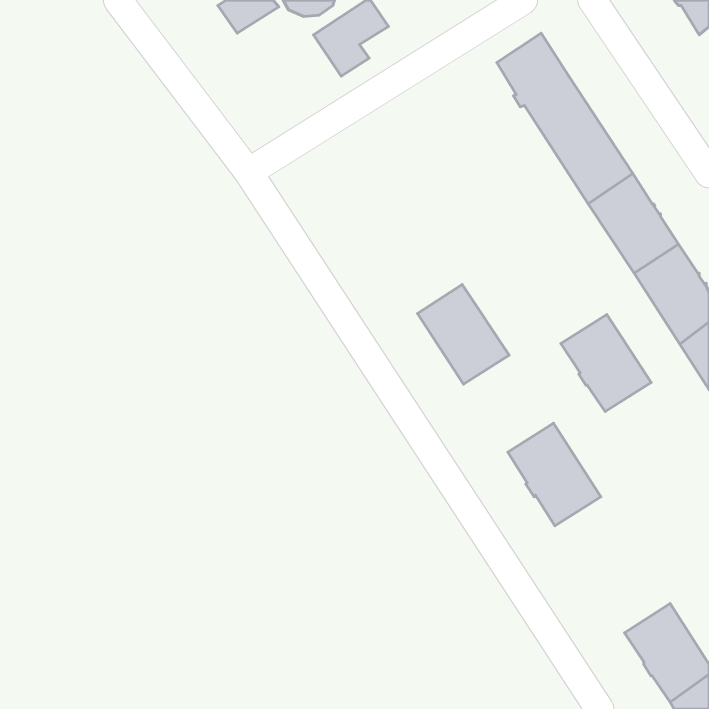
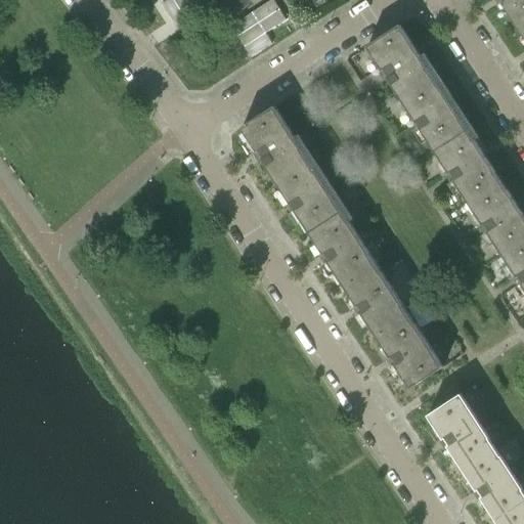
building: none -> [241,106,341,231]
building: [561,314,651,412] -> [342,262,408,334]
building: none -> [427,393,494,467]

